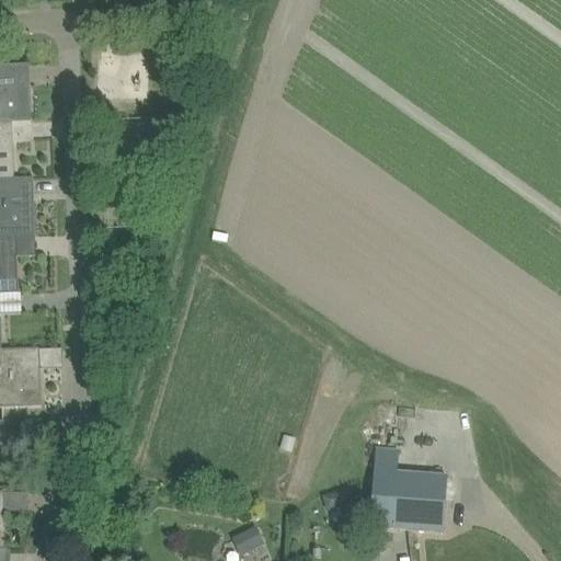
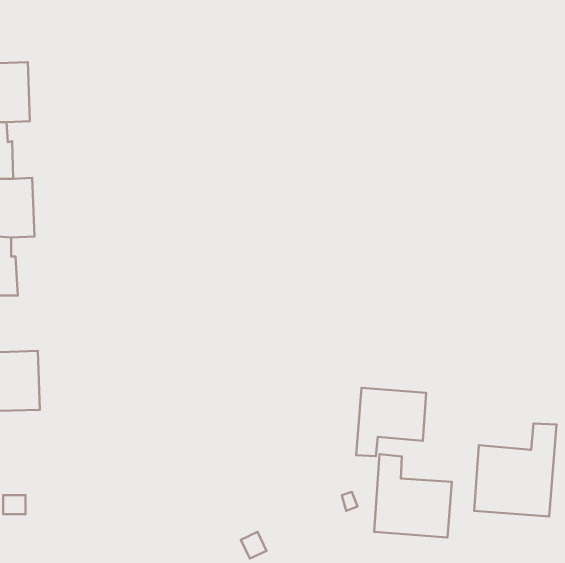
building: none -> [356,388,426,456]
building: none -> [474,424,556,516]

